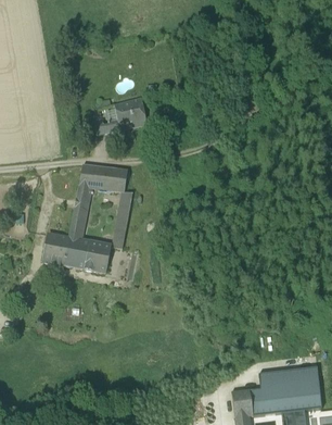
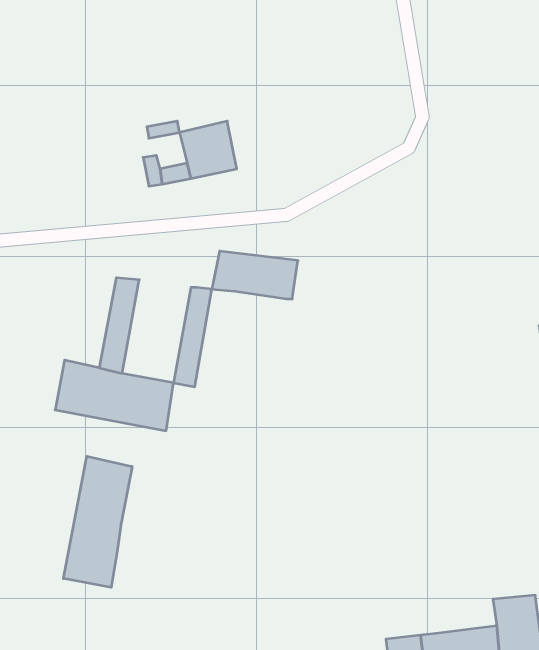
building: [78,164,127,191] -> [212,251,298,299]
building: none -> [63,456,132,587]
building: [258,370,294,388] -> none

